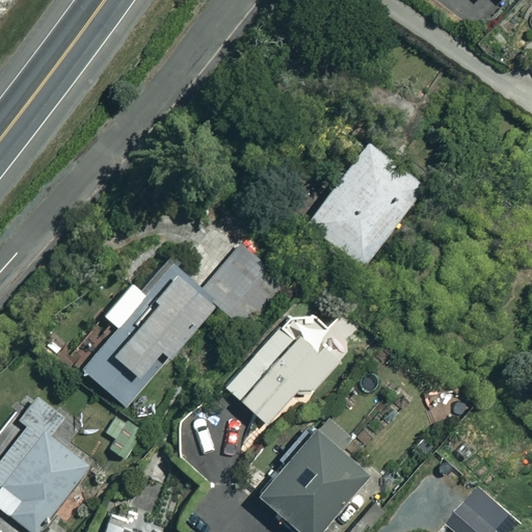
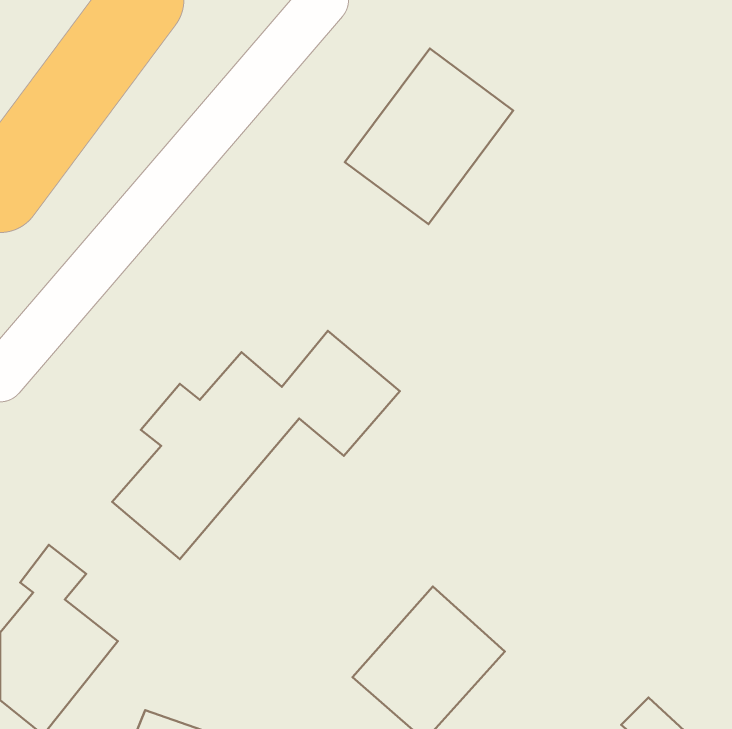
building: [304,140,426,267] -> [345,49,513,224]
building: [225,314,353,425] -> none

